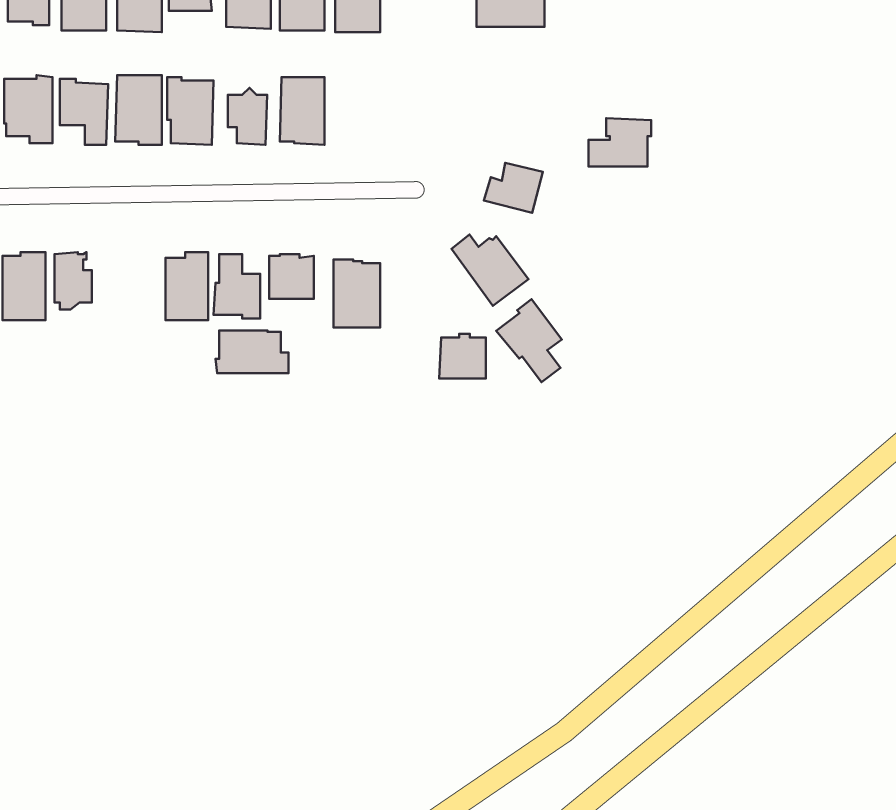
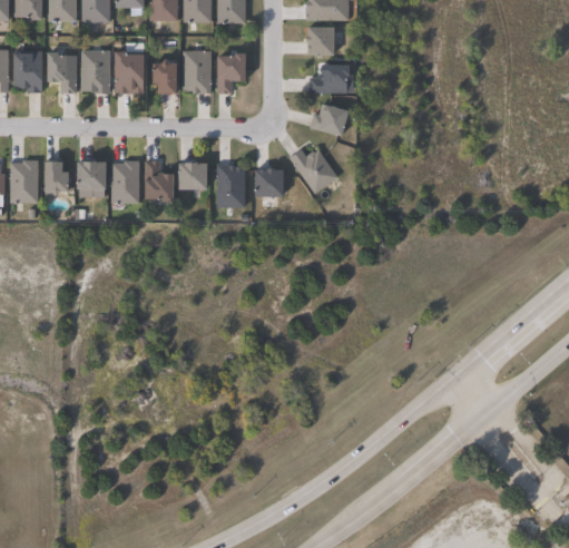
building: none -> [305,26,333,55]
building: none -> [216,52,244,94]
building: [588,118,651,167] -> [310,63,349,94]
building: none -> [76,160,104,188]
building: [496,299,562,382] -> none
building: [215,330,289,373] -> none
building: [439,334,486,379] -> [254,168,283,196]

